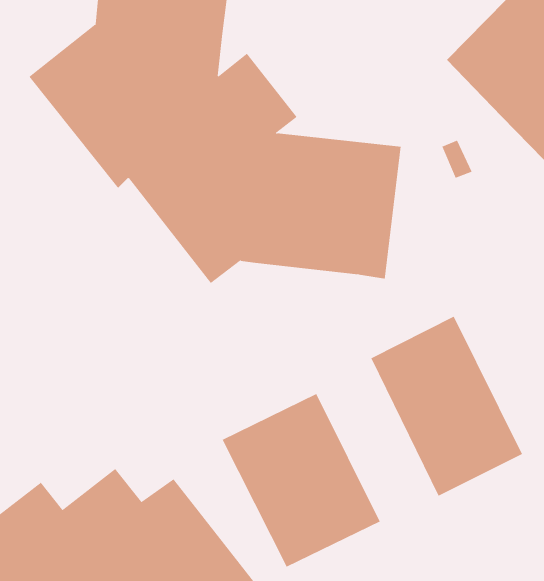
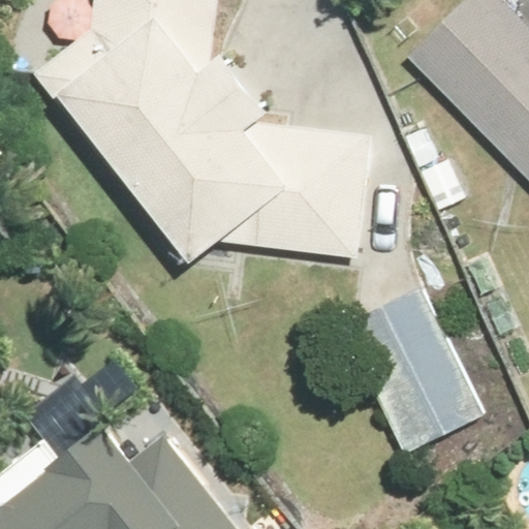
building: [222,393,380,567] -> none

